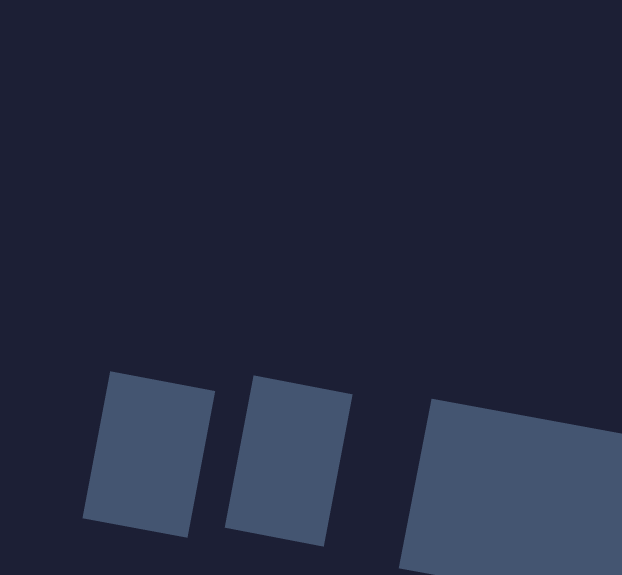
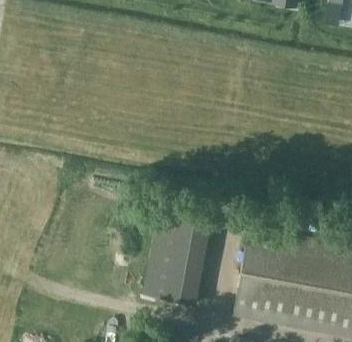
building: [82,371,216,539] -> none

